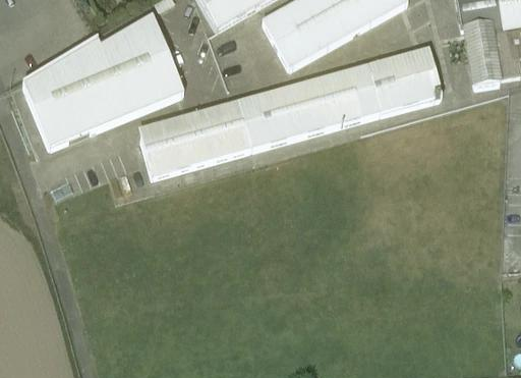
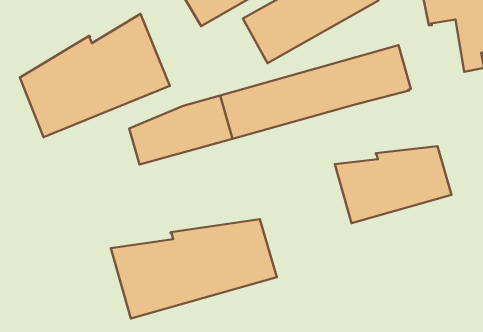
building: [464,21,501,87] -> none
building: none -> [335,146,452,223]
building: none -> [111,219,277,319]

